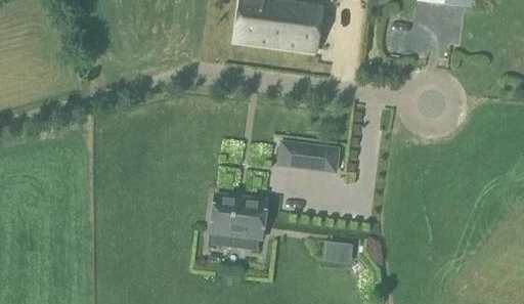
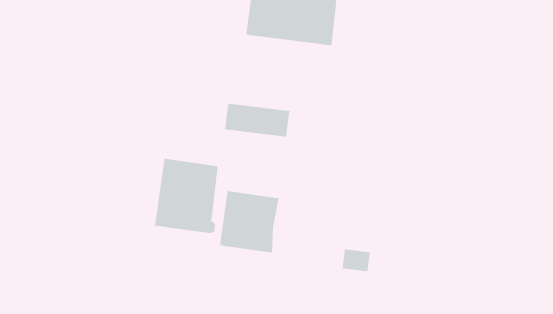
building: [277,143,339,175] -> [224,103,290,137]
building: none -> [154,158,218,234]

